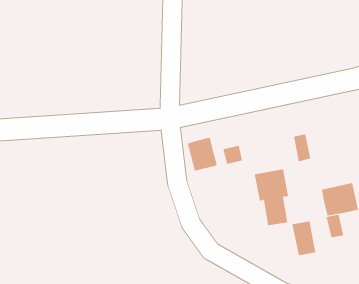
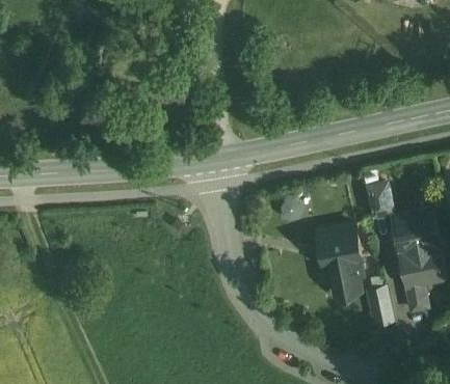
building: [187,137,217,171] -> none
building: none -> [394,211,440,252]

